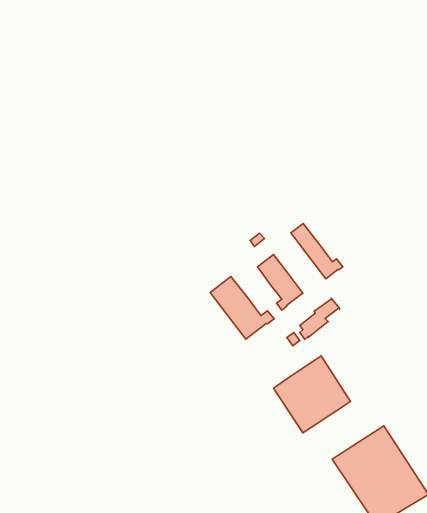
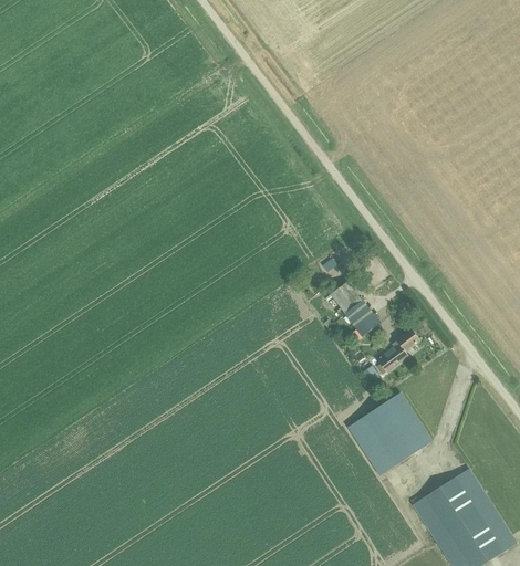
building: [291,223,343,279] -> none
building: [210,277,274,339] -> none

